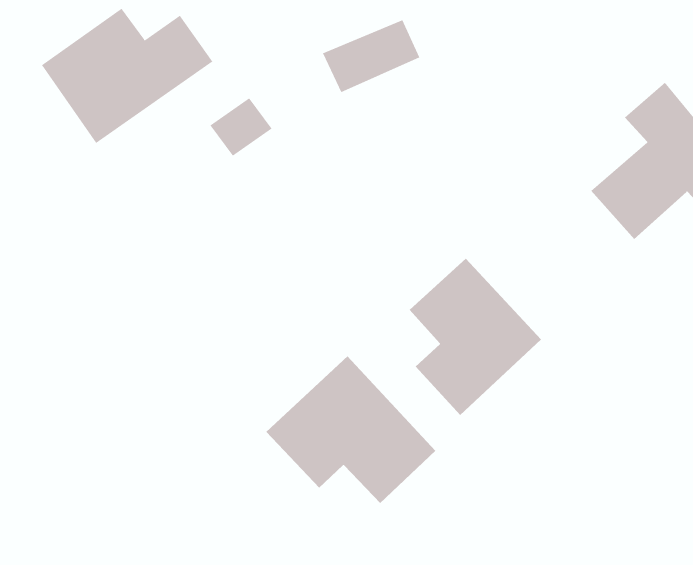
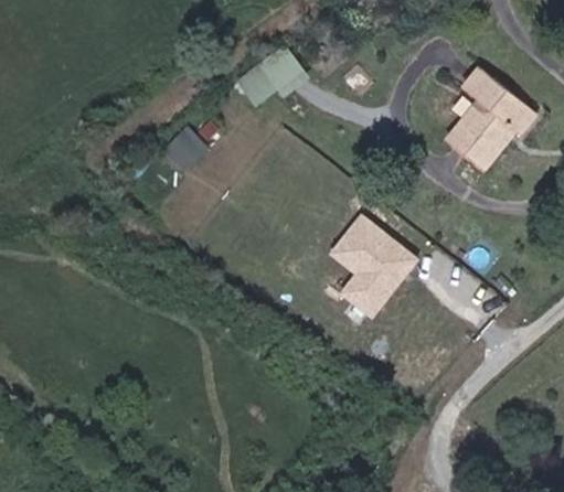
building: [41,8,213,144] -> none
building: [266,356,436,504] -> none

